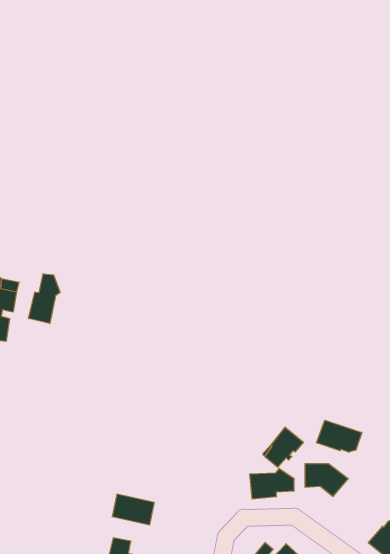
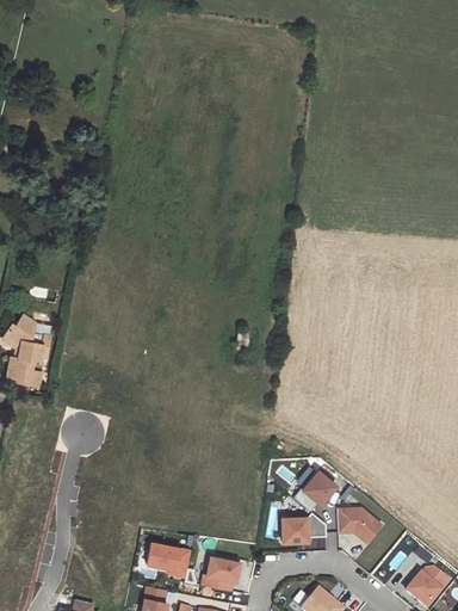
building: [29,274,60,324] -> none
building: [317,420,362,452] -> none
building: none -> [204,554,242,588]

